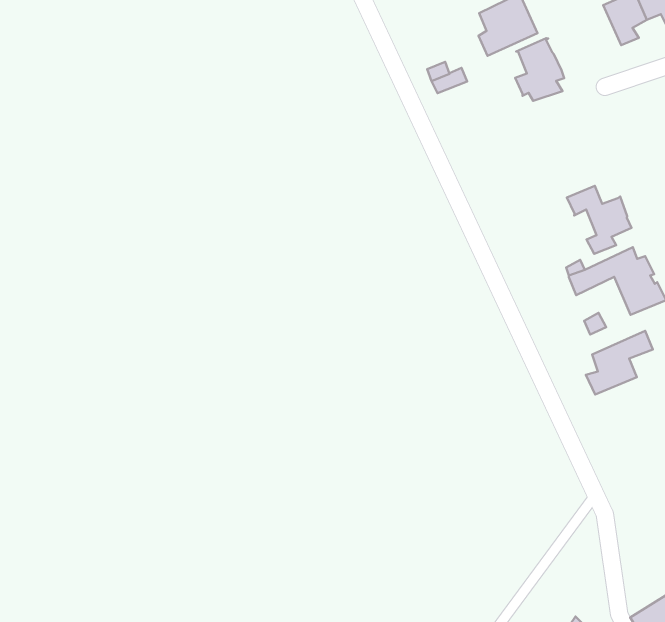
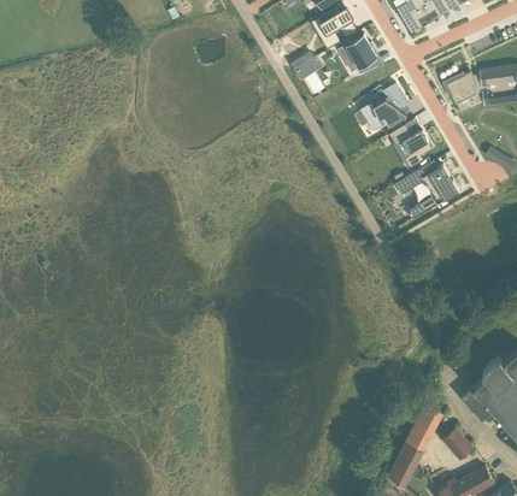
building: none -> [359,83,407,130]
building: [586,331,653,395] -> none

